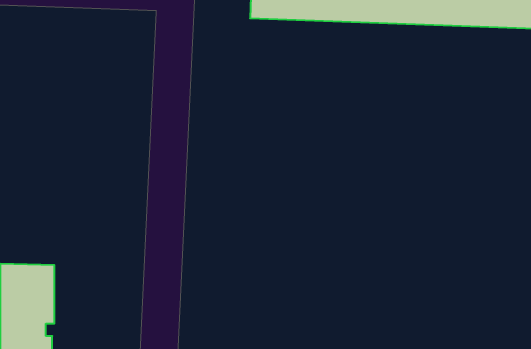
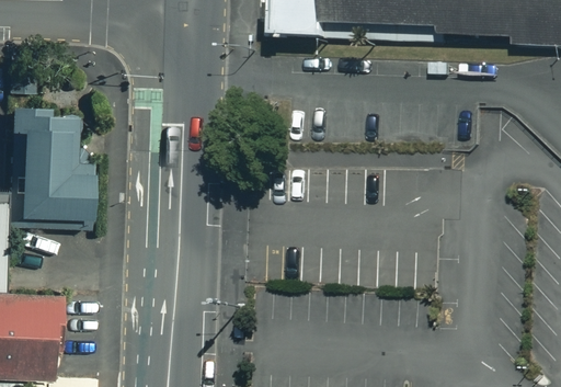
building: none -> [21,112,93,213]

